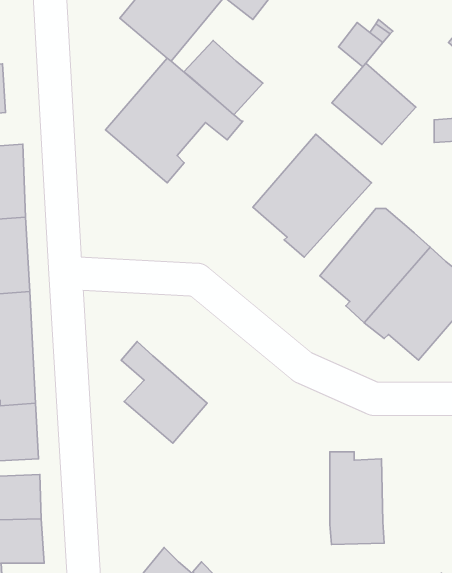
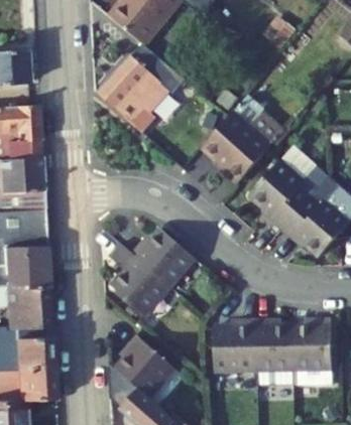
building: [184,40,263,115] -> none
building: [332,63,416,144] -> none
building: none -> [131,228,195,286]
building: none -> [292,319,332,385]
building: none -> [214,320,256,372]
building: none -> [116,335,174,398]

